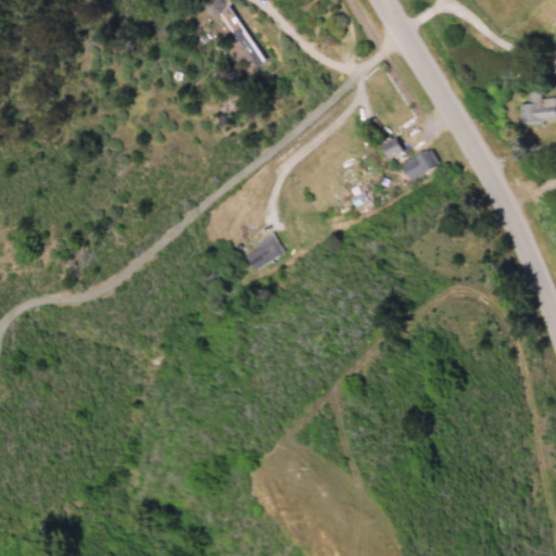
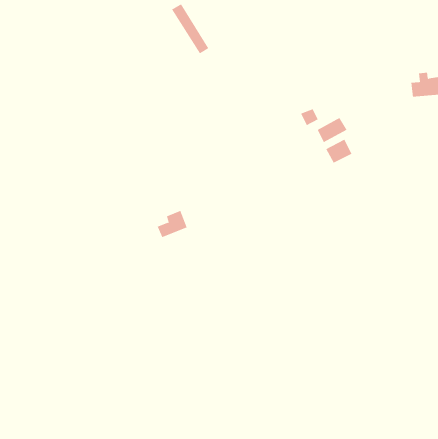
building: none -> [326,139,352,164]
building: [244,233,283,268] -> [157,210,188,238]

